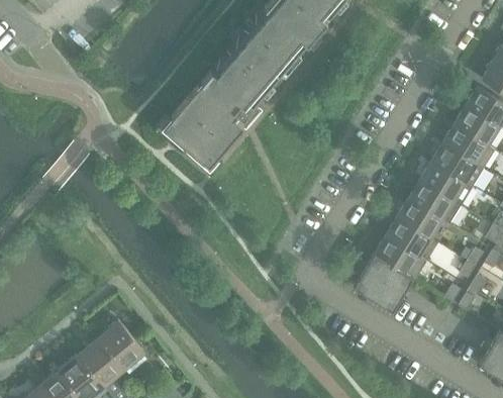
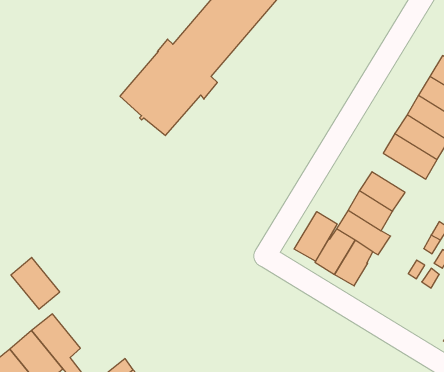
building: [408,182,461,225] -> none
building: none -> [294,212,337,261]
building: [97,321,144,372] -> [11,257,60,309]

